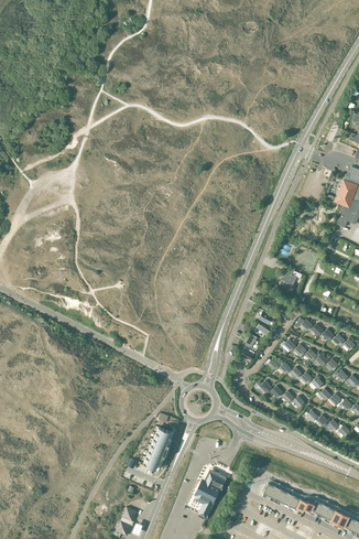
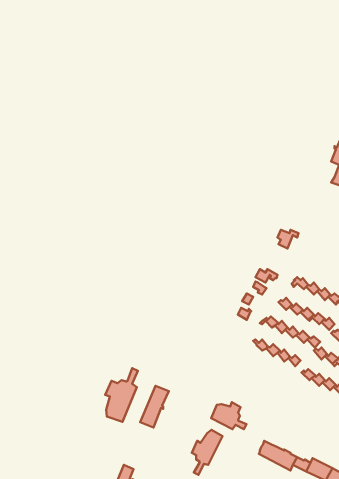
building: none -> [105,368,138,422]
building: none -> [211,402,246,429]

